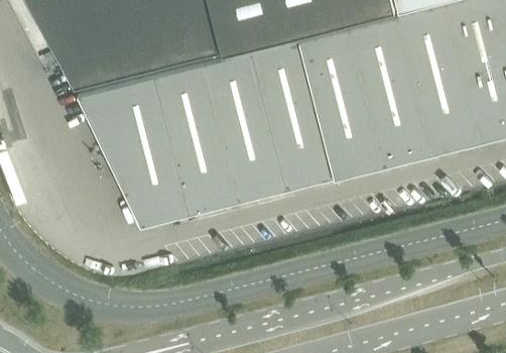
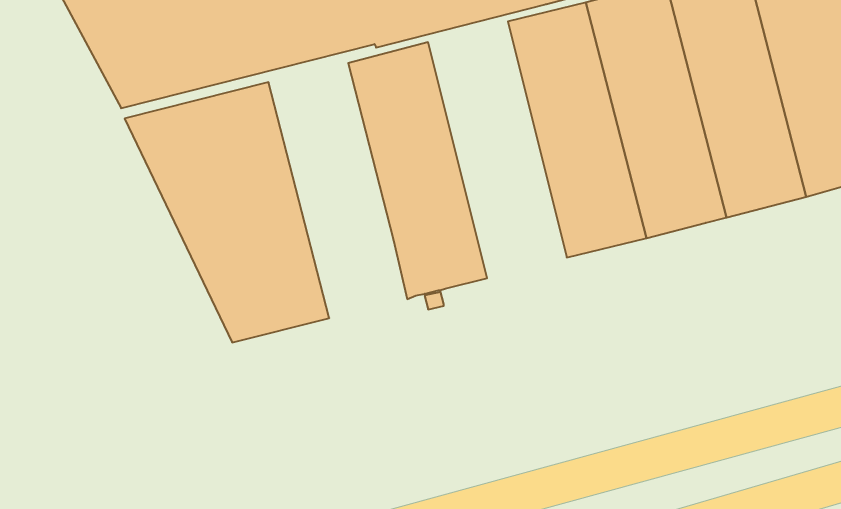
building: [252,35,333,185] -> none
building: [159,60,240,208] -> none

